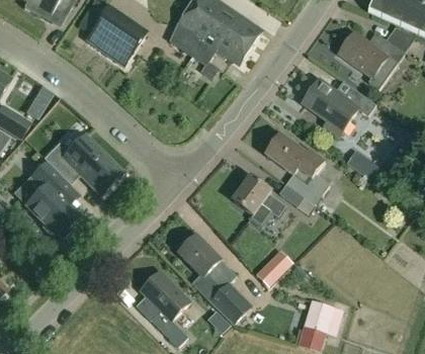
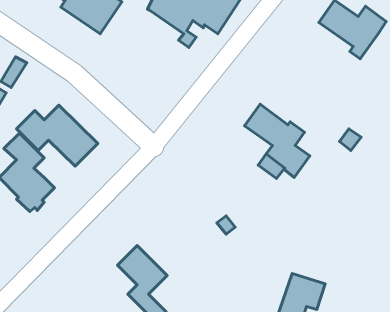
building: [303,79,375,135] -> none
building: [232,175,284,225] -> none
building: [178,235,246,324] -> none
building: [256,249,291,284] -> none

